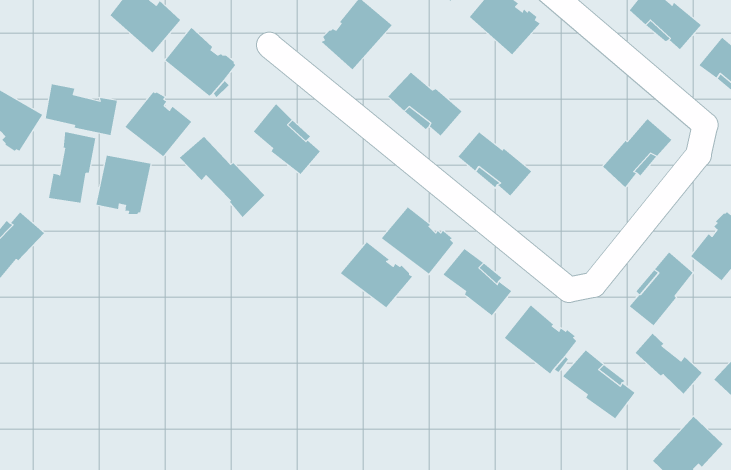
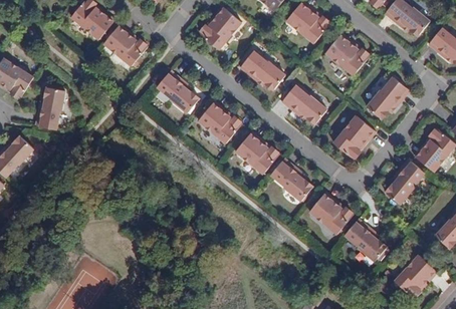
building: none -> [327,32,371,74]
building: [45,83,117,136] -> none
building: [124,92,192,157] -> none
building: [179,136,265,218] -> none
building: [96,155,151,215] -> none
building: none -> [333,115,376,159]
building: [340,241,413,308] -> [197,101,241,141]
building: [635,333,702,394] -> none

